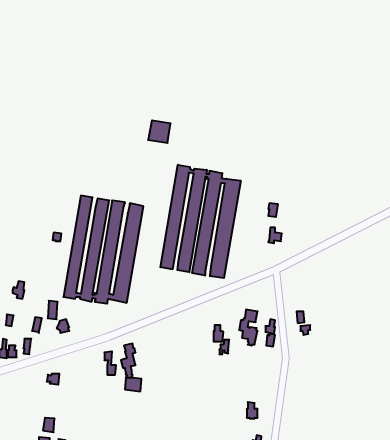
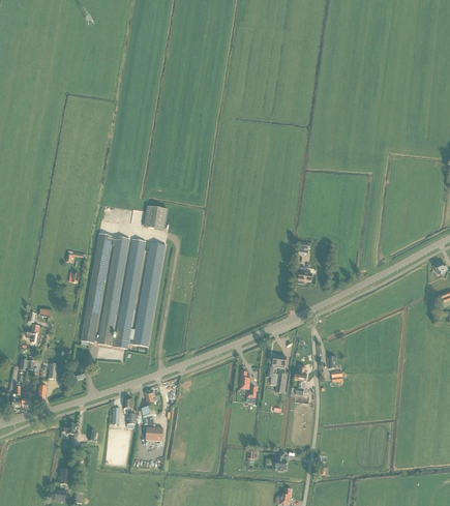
building: [148,120,171,143] -> [144,205,168,229]
building: [160,165,241,278] -> none

